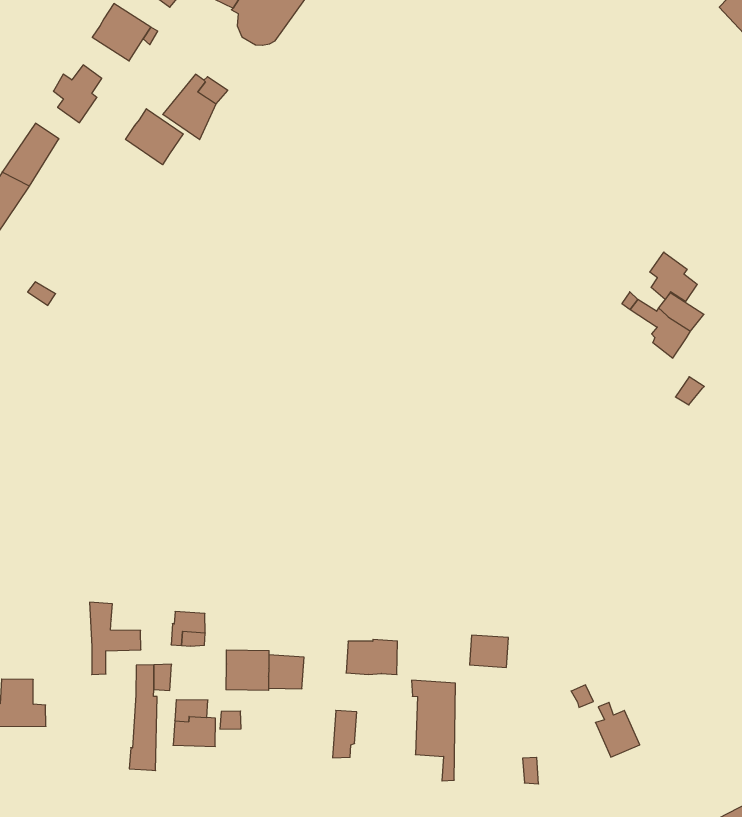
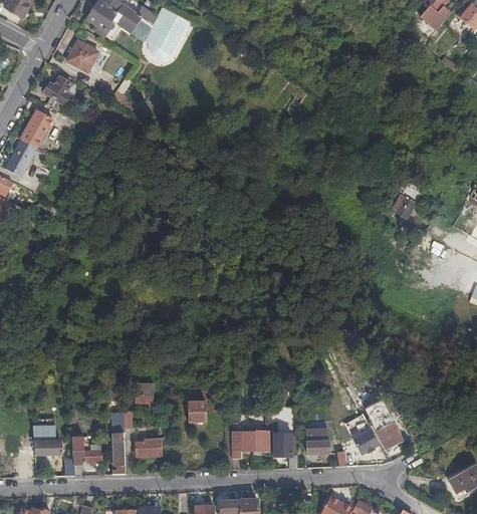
building: [126,109,183,165] -> none
building: [650,252,697,302] -> none
building: [90,602,141,675] -> [71,435,102,476]
building: [470,635,508,667] -> [308,437,329,454]
building: [346,639,397,675] -> [240,431,269,451]
building: [226,650,269,690] -> none
building: none -> [352,429,379,455]

